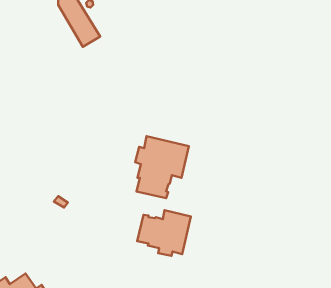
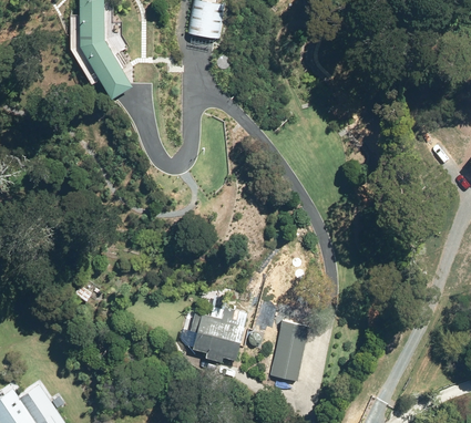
building: [135,136,189,198] -> none
building: none -> [267,320,308,393]

